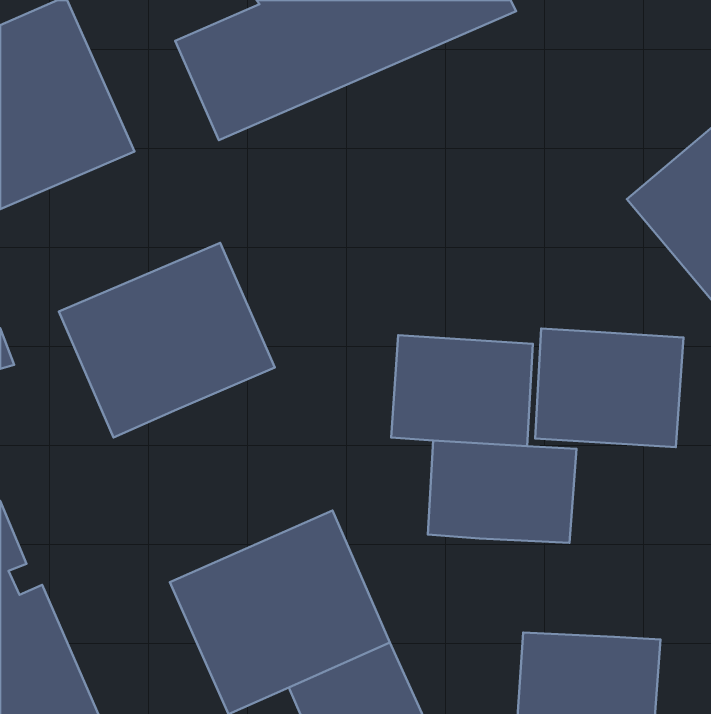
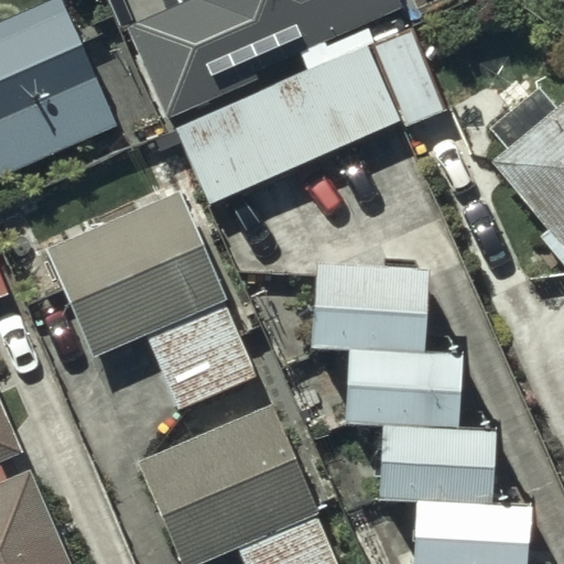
building: none -> [182,51,401,199]
building: [535,329,683,447] -> none
building: none -> [143,291,254,403]
building: none -> [377,425,491,502]

